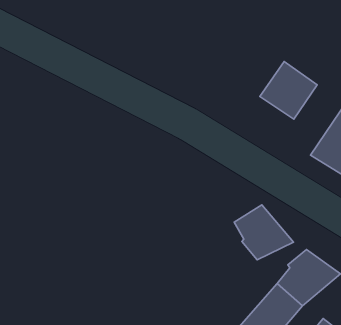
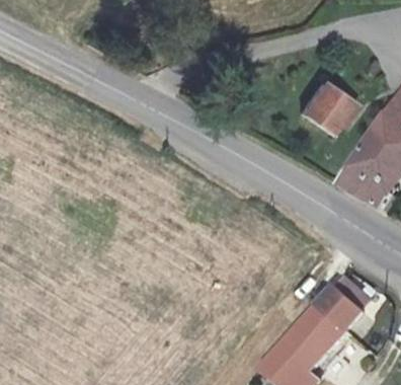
building: [234,205,293,260] -> none

